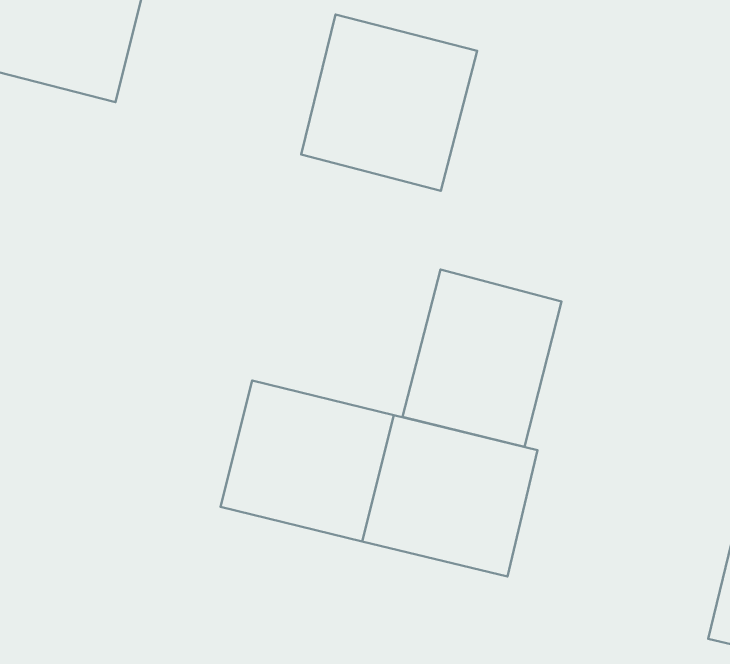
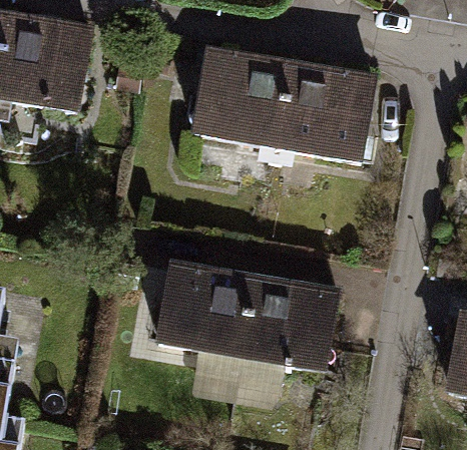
building: none -> [269,64,366,160]
building: [403,270,562,447] -> none

